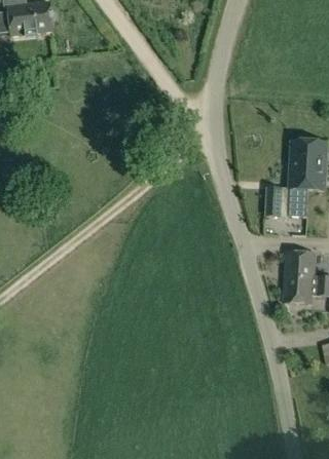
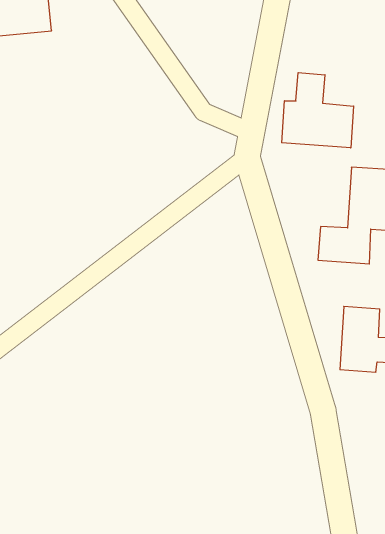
building: none -> [282,73,354,148]

